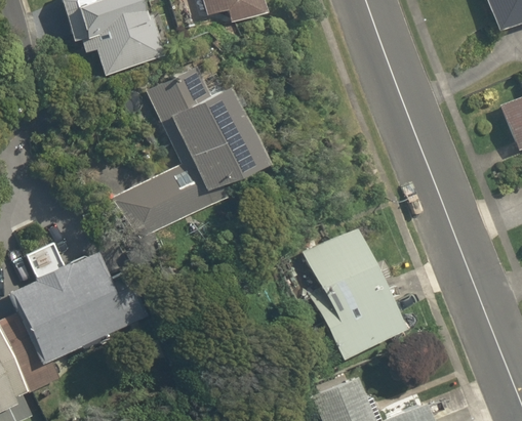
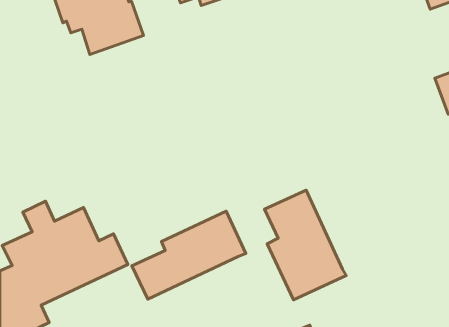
building: [114,68,265,256] -> none
building: none -> [132,211,246,299]

